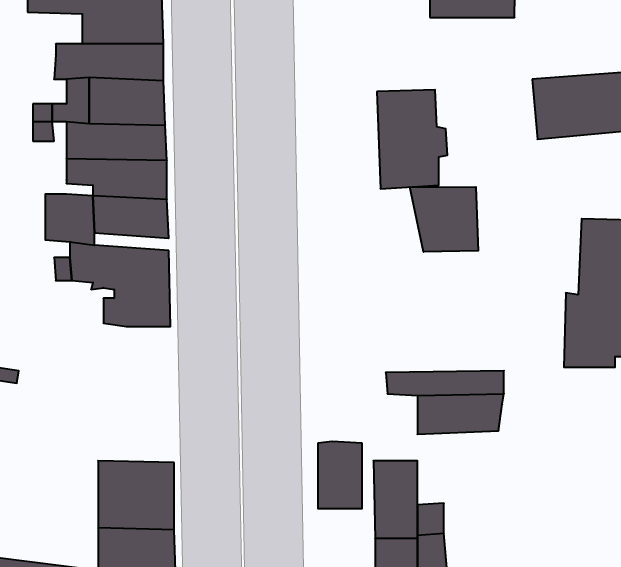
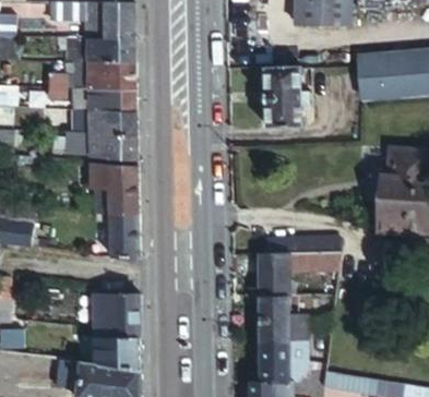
building: [410,187,478,252] -> none
building: none -> [95,210,138,256]
building: [318,441,362,509] -> [262,254,289,296]

